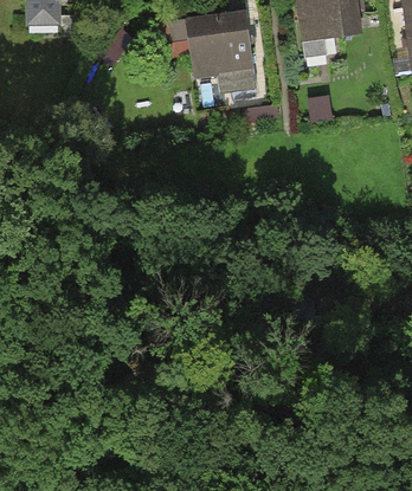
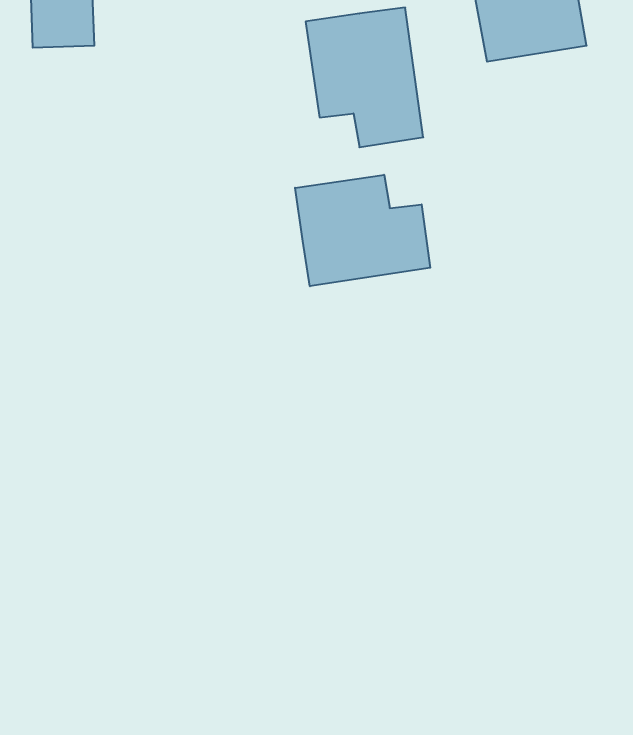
building: none -> [295,175,430,286]

